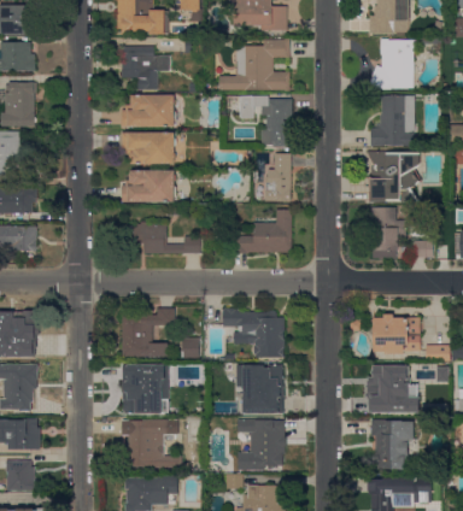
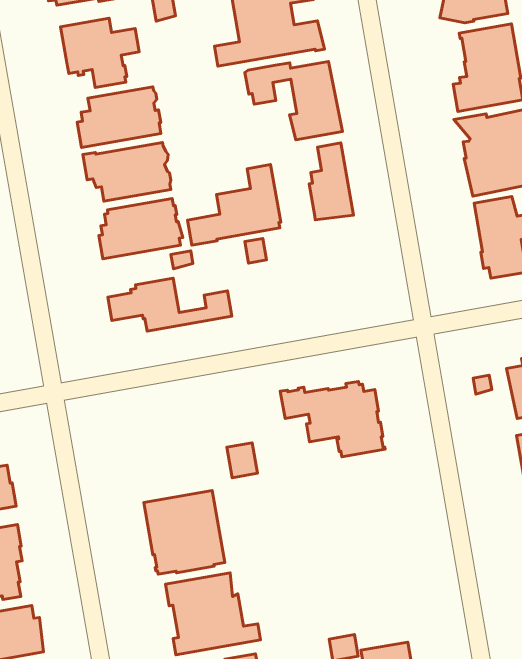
building: [230,210,291,253] -> [187,165,281,245]
building: [121,307,174,357] -> none
building: [241,363,283,415] -> none
building: [238,419,283,471] -> none

